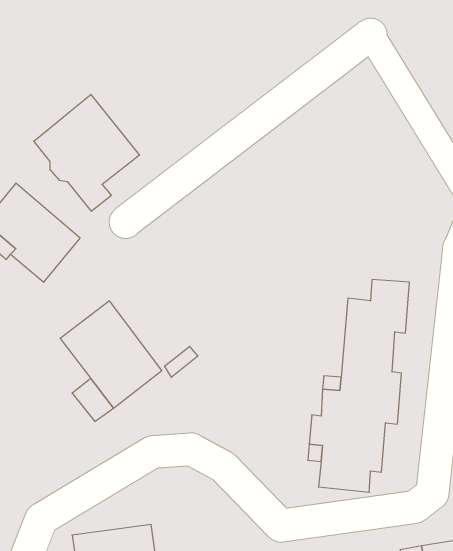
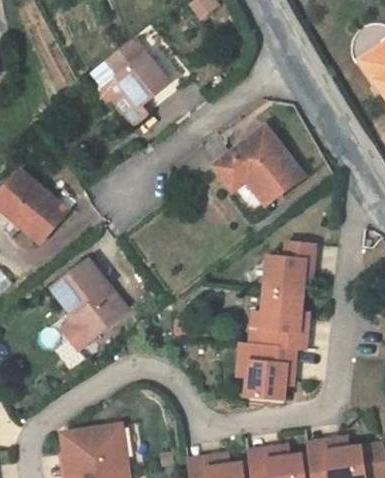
building: [34,95,139,211] -> [91,39,170,126]
building: none -> [214,127,303,215]

